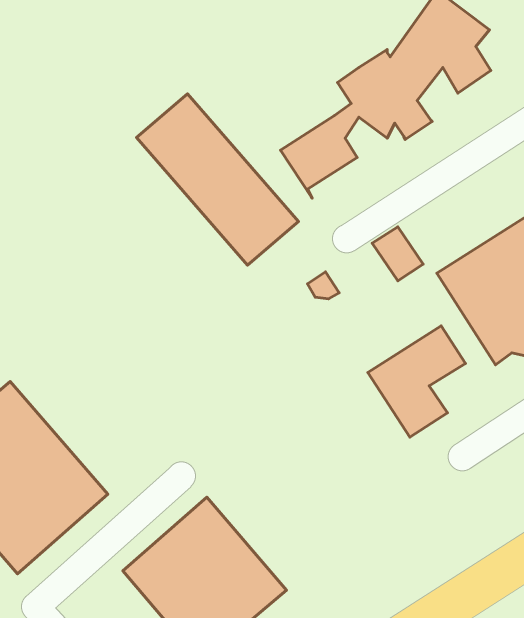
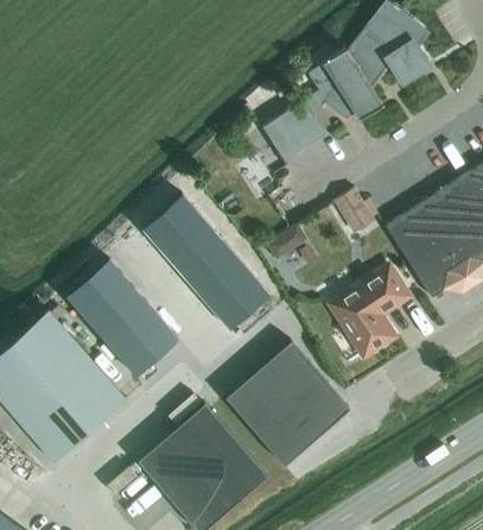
building: [136,94,299,265] -> [142,195,271,330]
building: none -> [65,258,178,377]
building: none -> [224,341,349,466]

